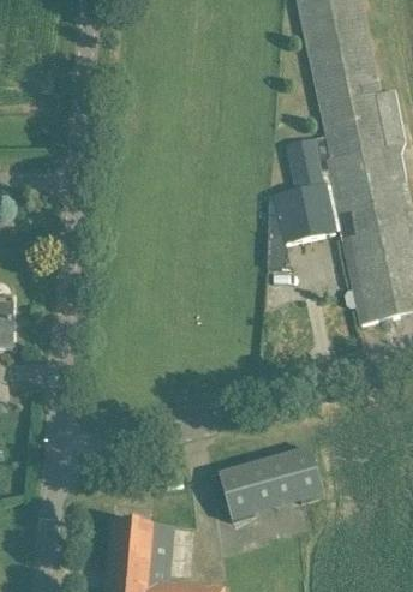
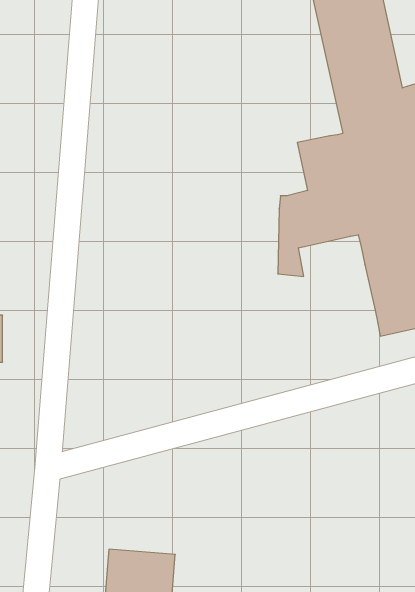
building: [215,447,323,522] -> none

